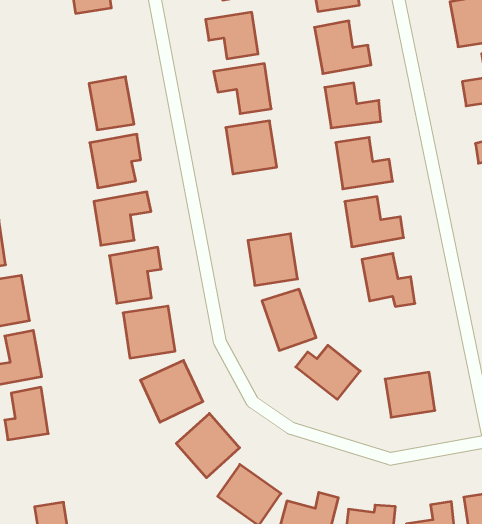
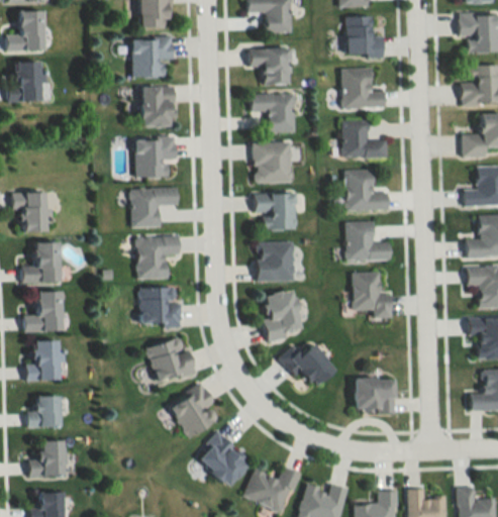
building: none -> [131,37,173,78]
building: none -> [255,193,295,230]
building: none -> [27,397,61,427]

